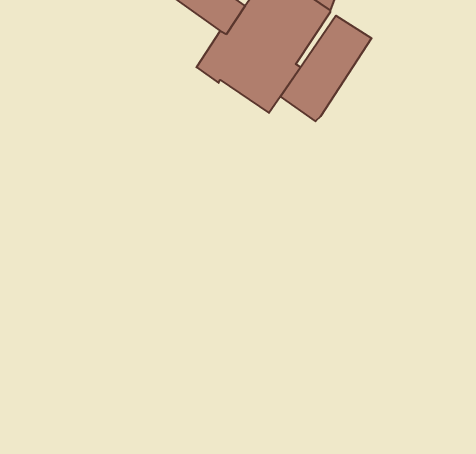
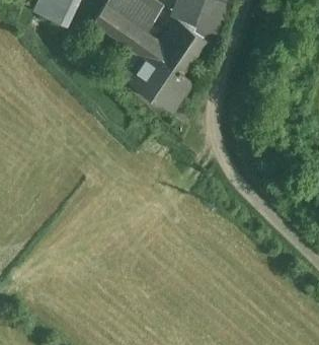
building: [281,16,372,121] -> none

